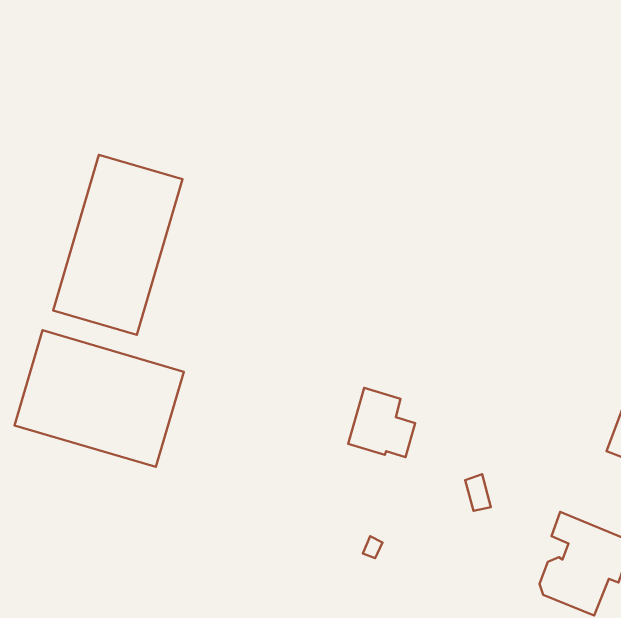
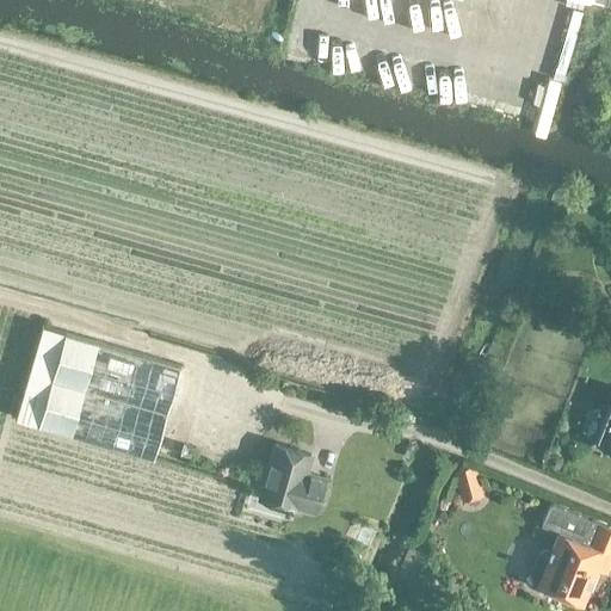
building: [53,155,182,335] -> none
building: [348,388,415,457] -> [260,448,326,516]

